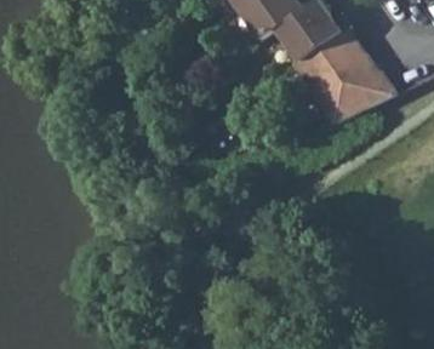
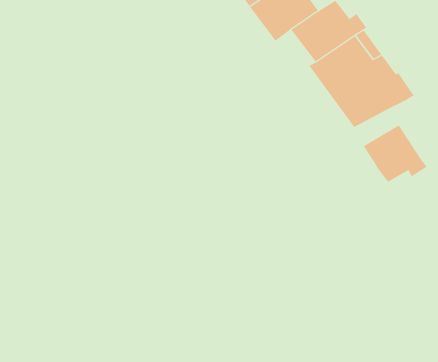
building: none -> [363,125,427,183]

